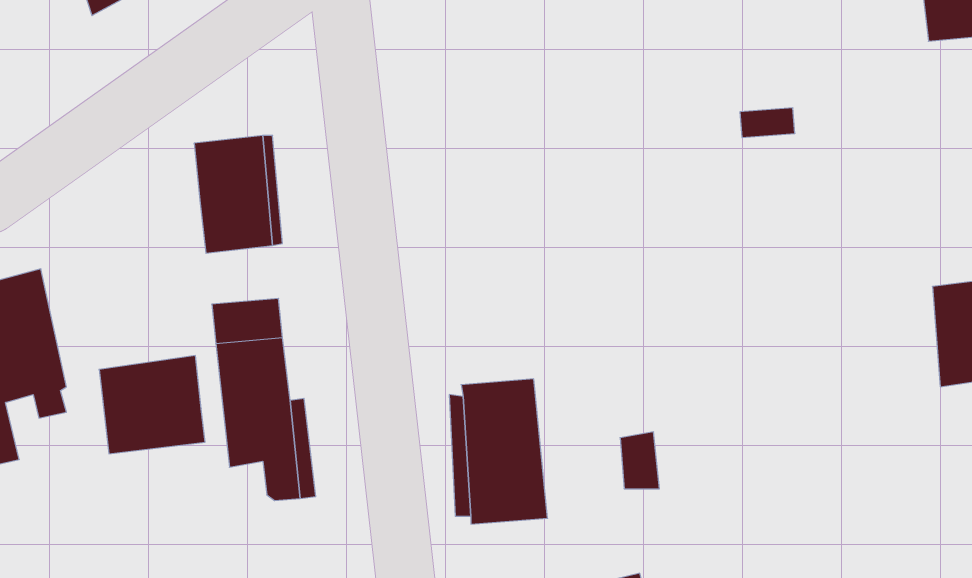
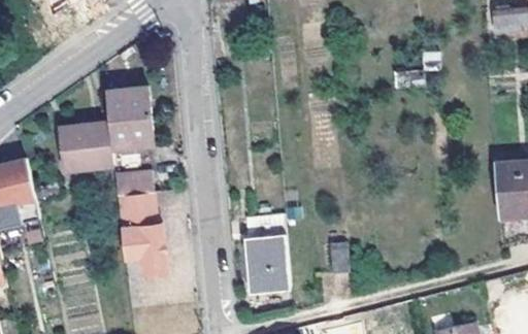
building: [99,356,205,454] -> [59,120,114,171]

